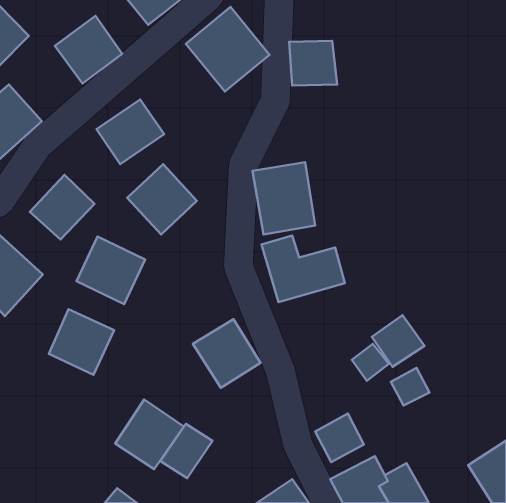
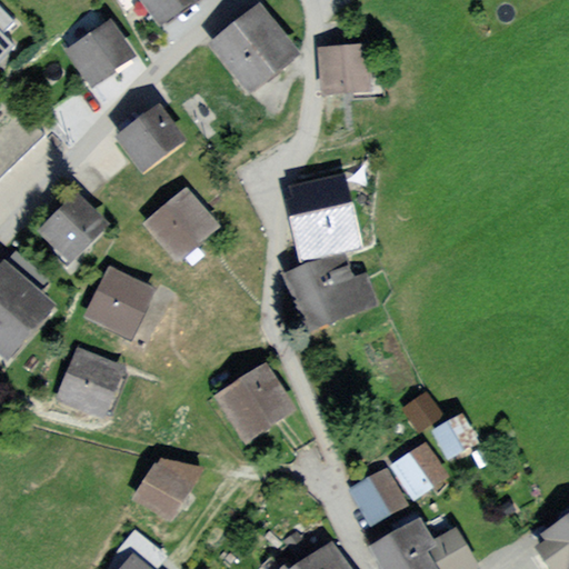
building: [372,315,424,367] -> [395,433,453,491]
building: [160,424,213,478] -> none

